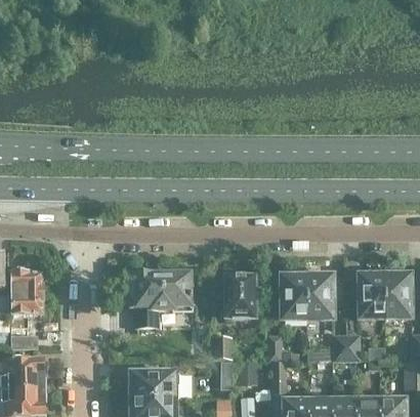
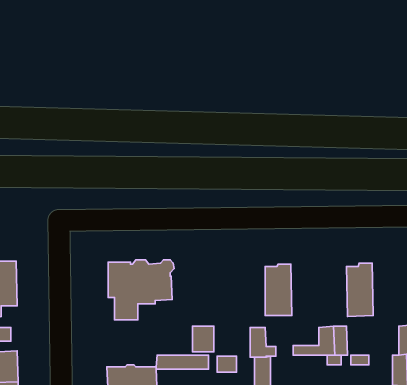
building: [384,272,411,321] -> none
building: [306,273,332,322] -> none
building: [225,276,254,319] -> none

